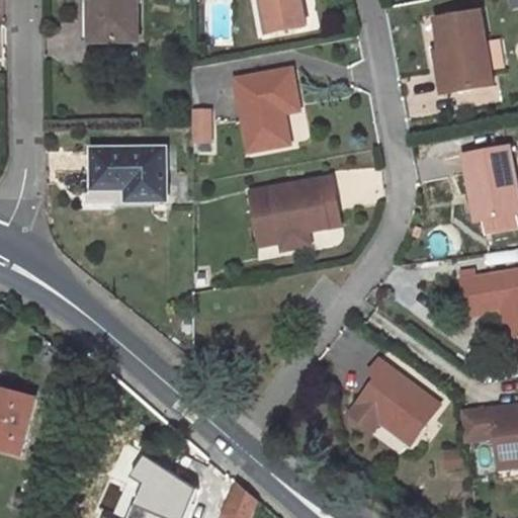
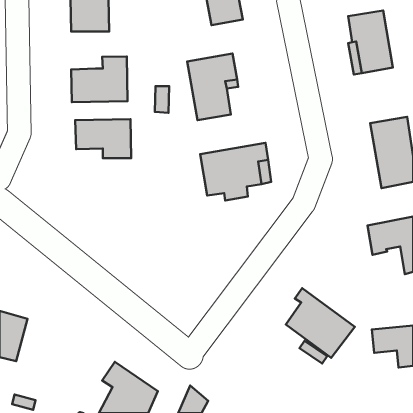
building: none -> [71,57,127,102]

